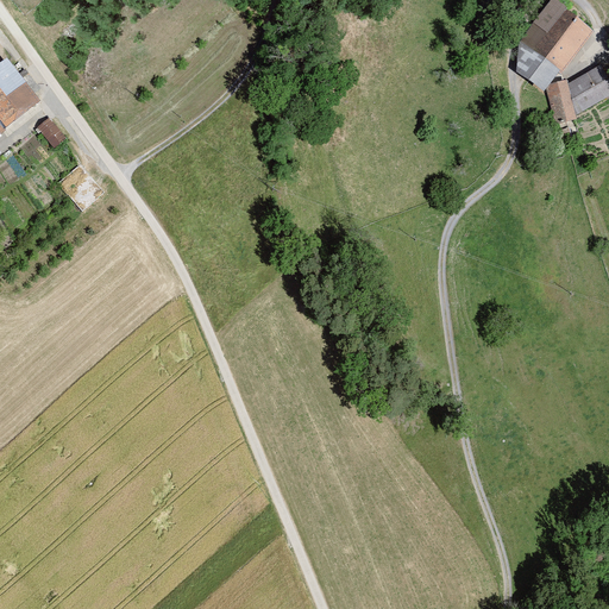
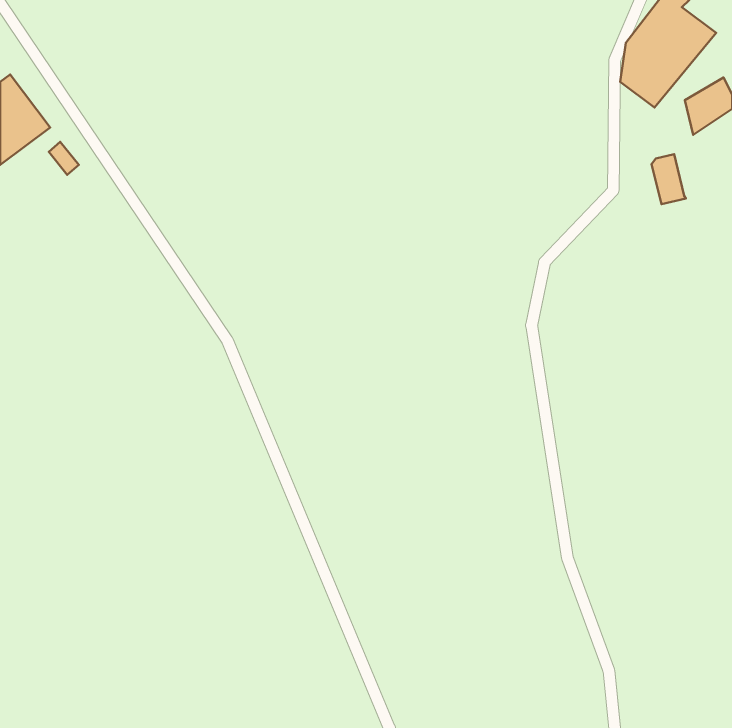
building: [548,77,577,119] -> [651,154,686,204]

